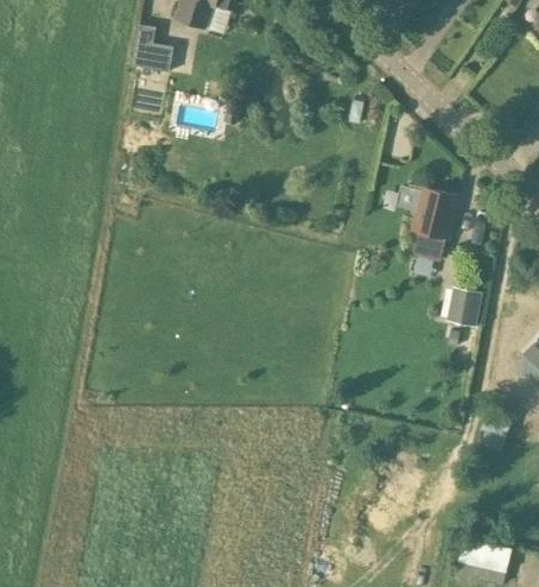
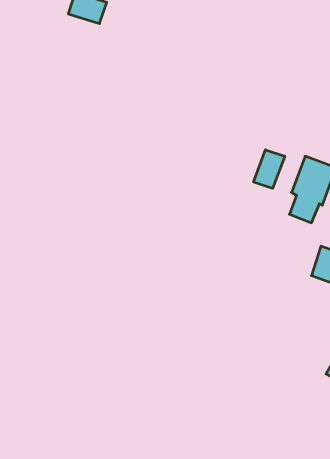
building: none -> [254,150,285,188]

